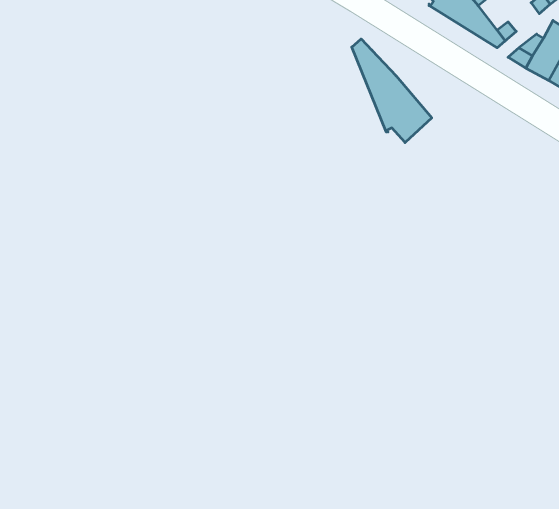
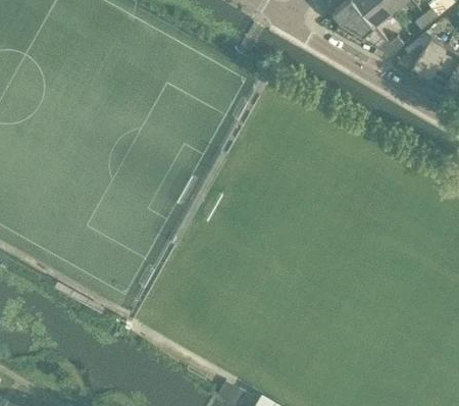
building: [352,39,432,143] -> none

